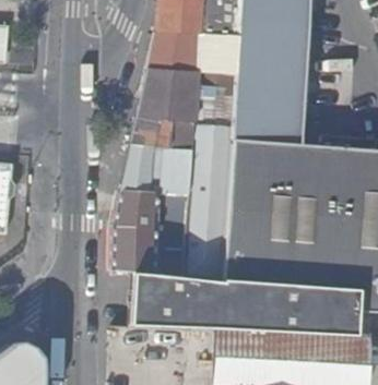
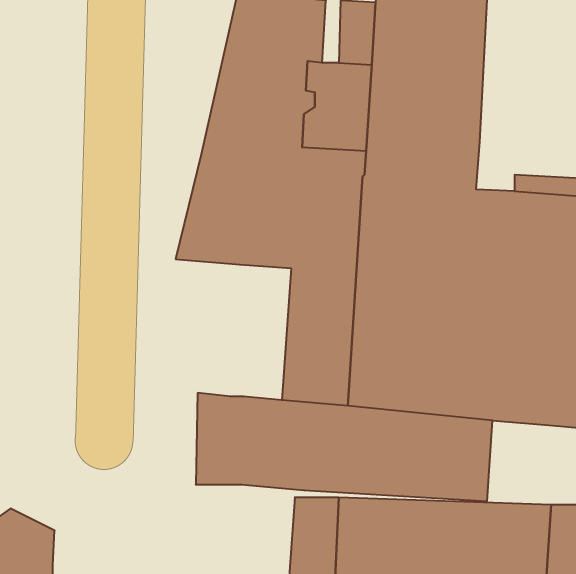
building: [111,190,189,274] -> none
building: [306,286,347,336] -> none

